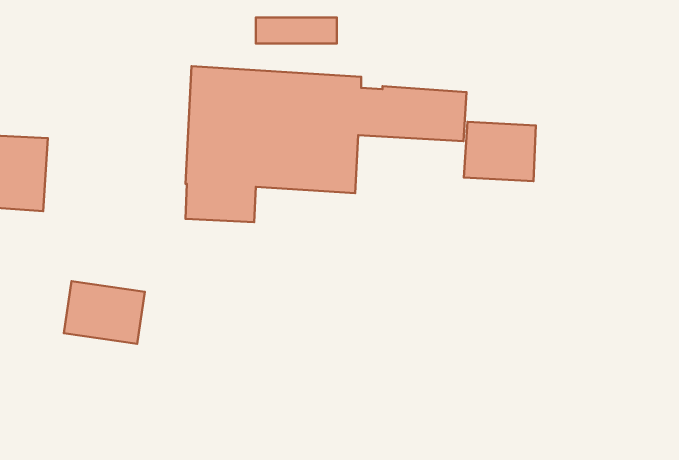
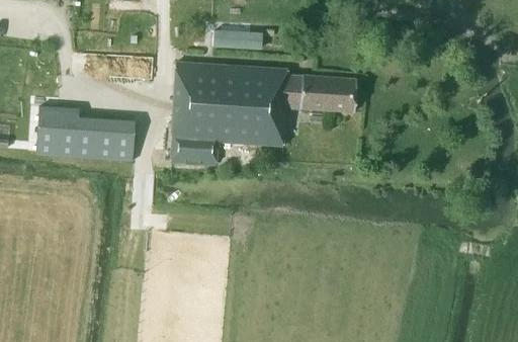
building: [464,122,536,181] -> none
building: [64,281,145,344] -> [91,126,145,168]

